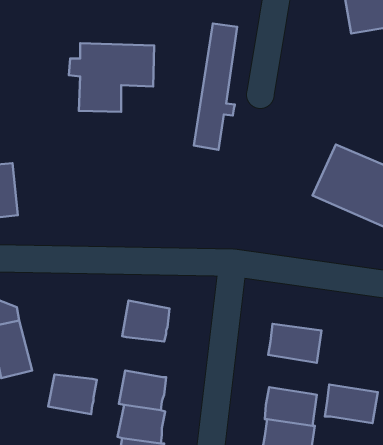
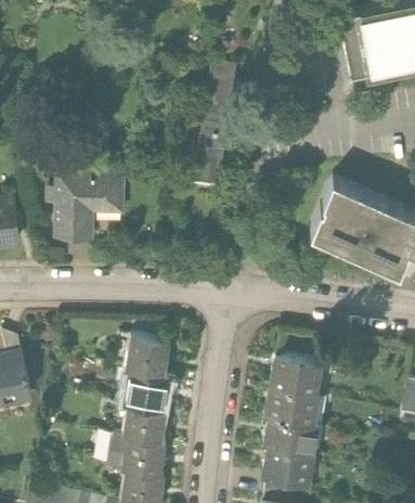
building: [69,43,154,112] -> [46,179,129,246]
building: [48,374,97,414] -> [122,373,170,412]
building: [325,384,378,423] -> [263,390,315,428]

